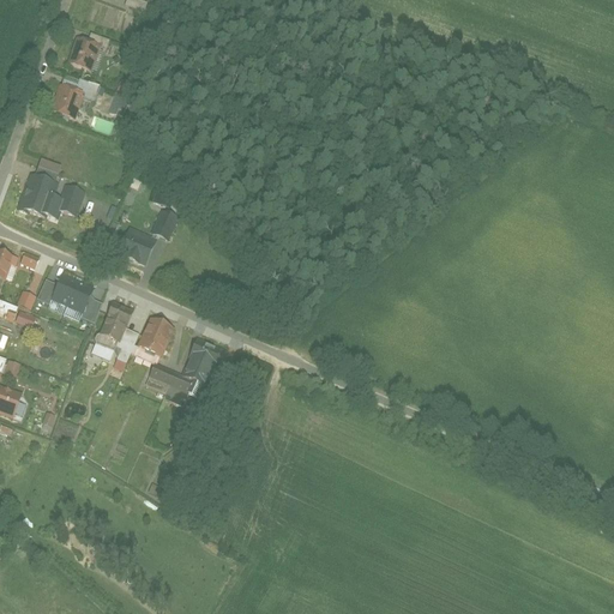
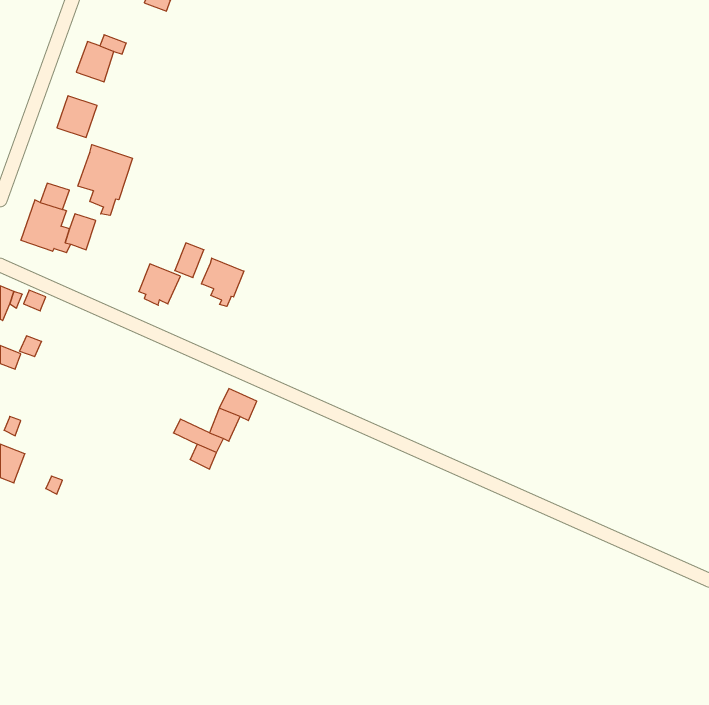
building: none -> [78,145,133,215]
building: none -> [201,258,244,306]
building: [53,275,94,312] -> none
building: [100,301,133,342] -> none
building: [137,317,173,356] -> none

